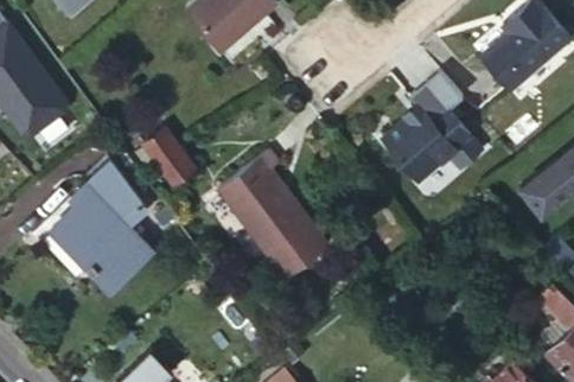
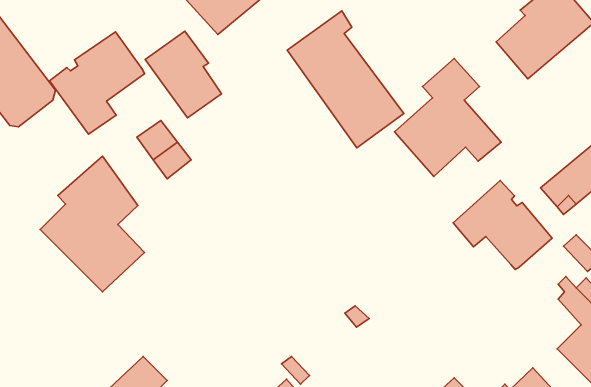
building: none -> [145,31,221,118]
building: none -> [49,32,145,134]
building: [218,151,327,279] -> [287,11,404,148]
building: none -> [453,181,552,270]

